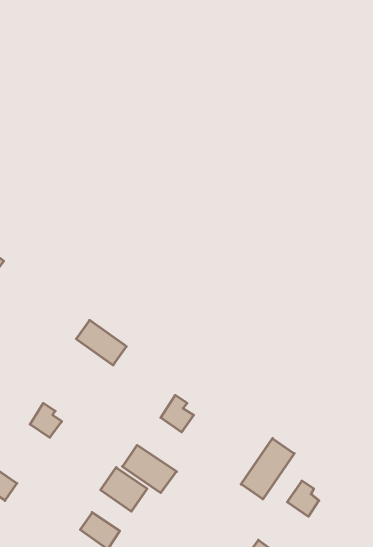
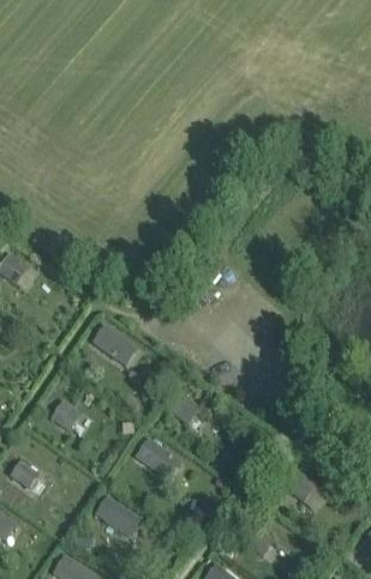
building: [241,438,294,499] -> none
building: [101,467,147,511] -> none

